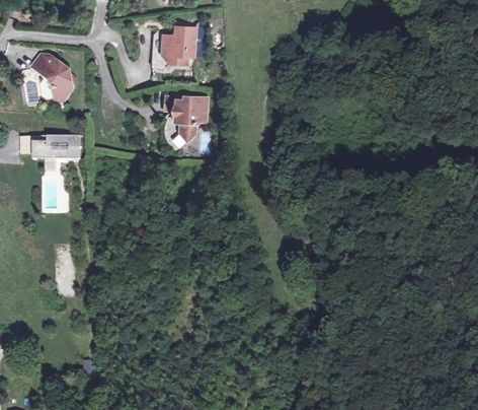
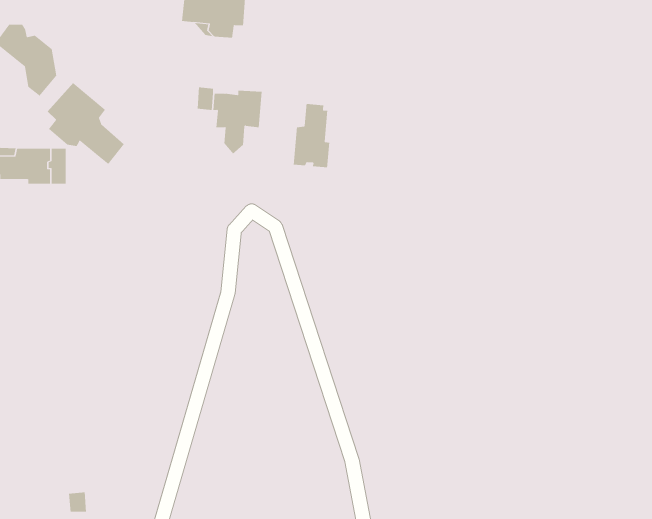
building: none -> [47,82,125,165]
building: none -> [293,103,330,168]

